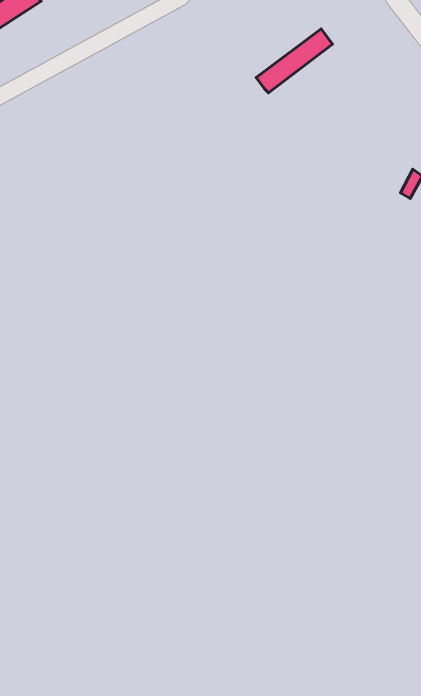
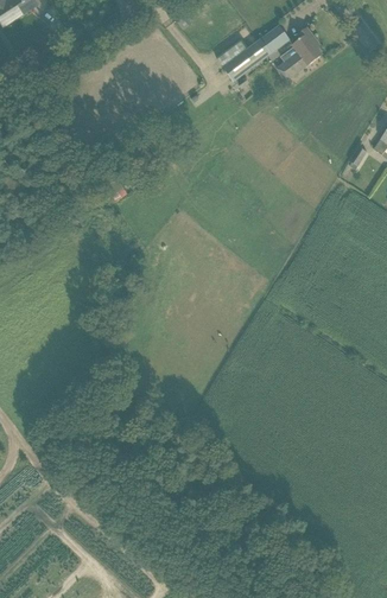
building: none -> [277,27,322,79]

